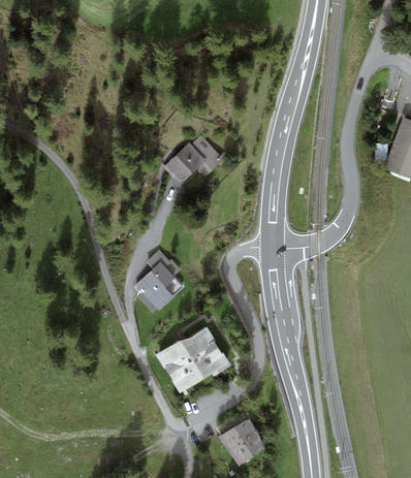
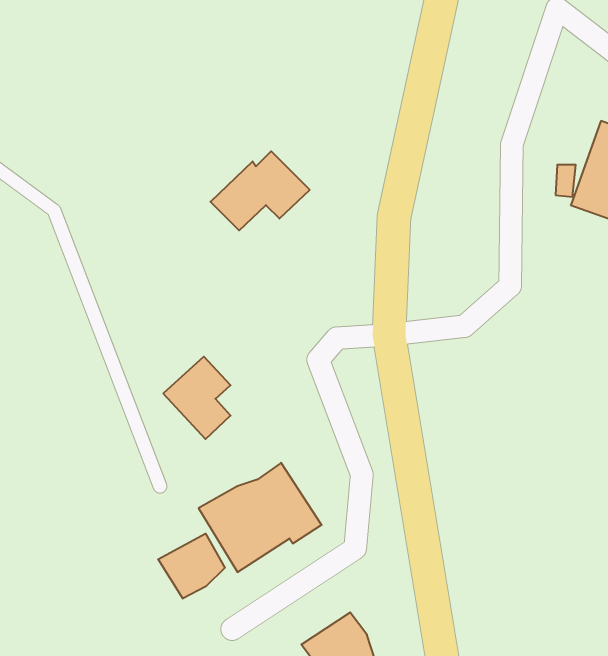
building: none -> [158,534,225,599]

